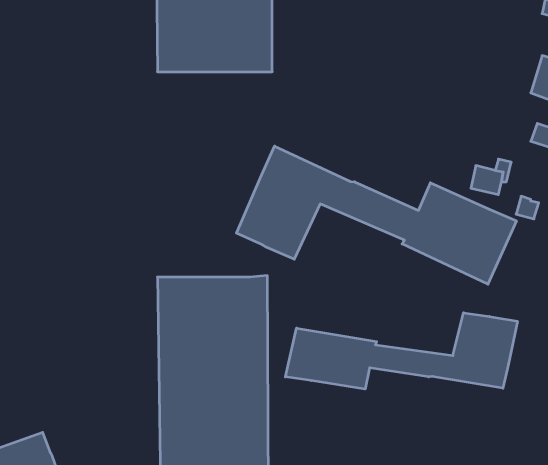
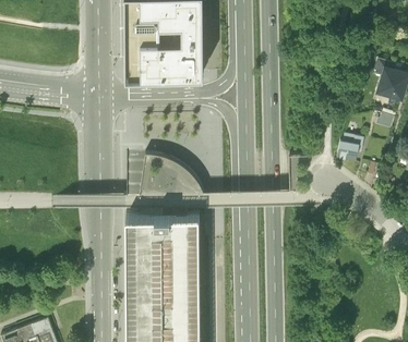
building: [236,146,516,284] -> none
building: [285,313,517,389] -> none

